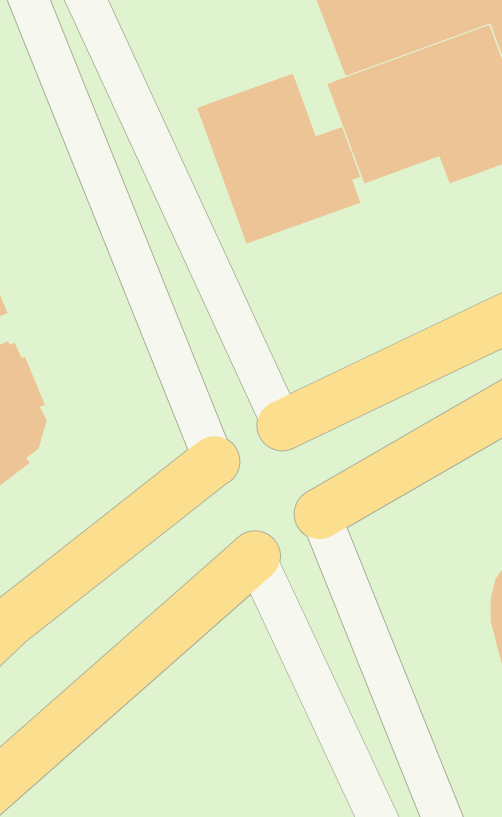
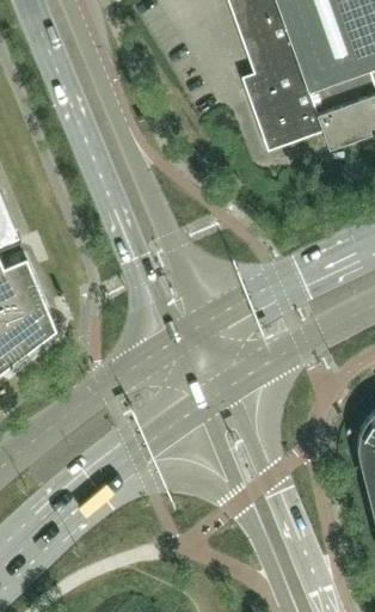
building: [196,73,361,244] -> none

